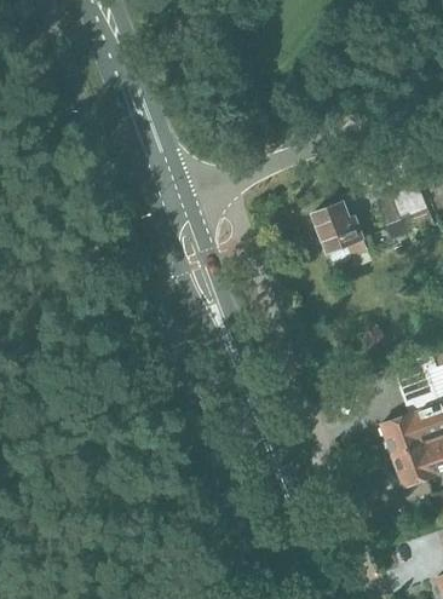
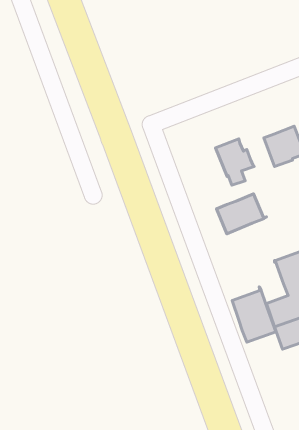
building: none -> [217,194,267,234]
building: none -> [232,287,276,342]

